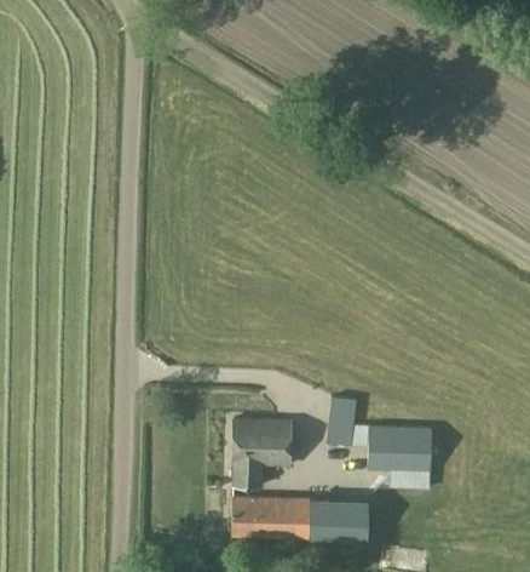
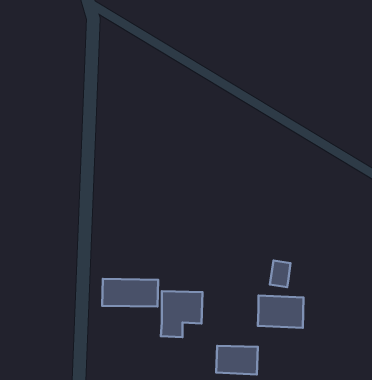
building: [328,400,357,437] -> [270,260,291,287]
building: [232,498,311,537] -> [102,279,158,307]

